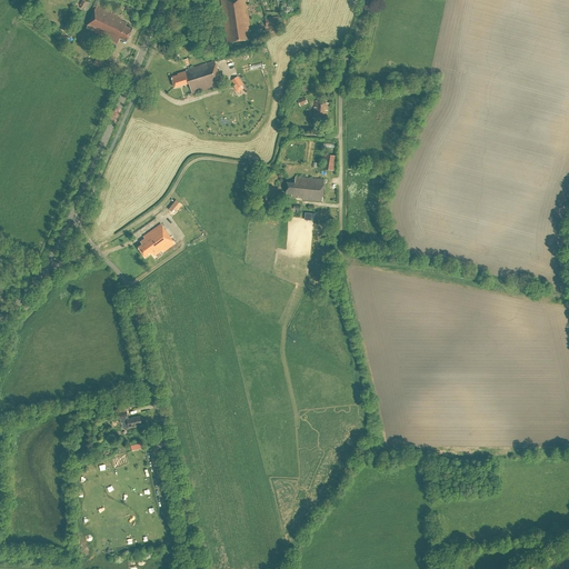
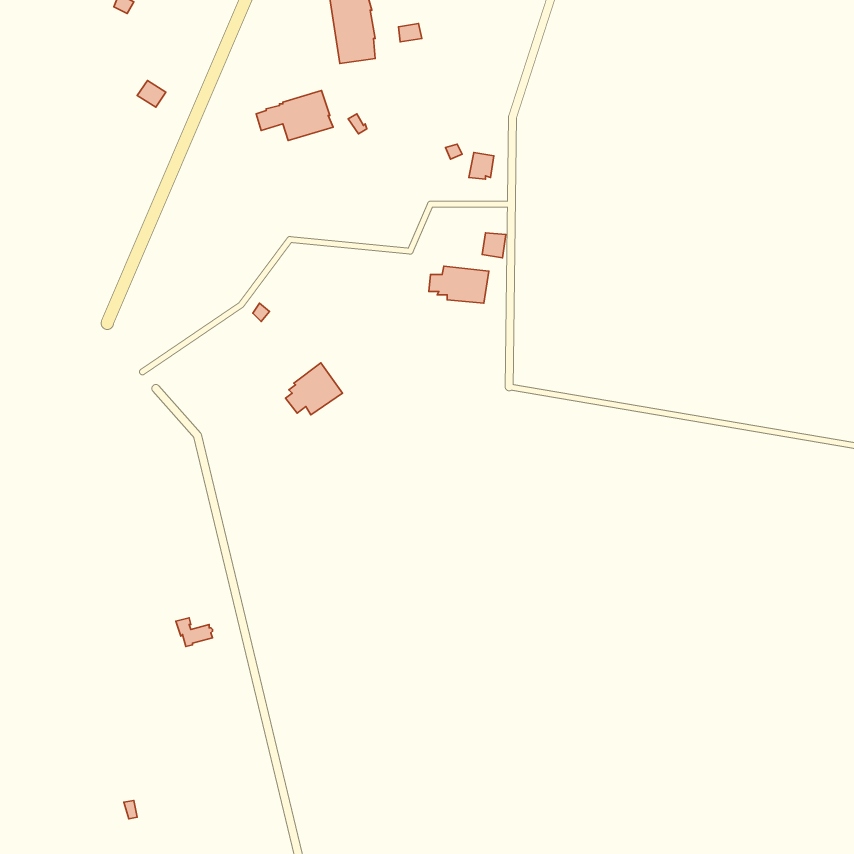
building: [84,4,132,42] -> none
building: [137,223,174,258] -> [286,363,343,415]

